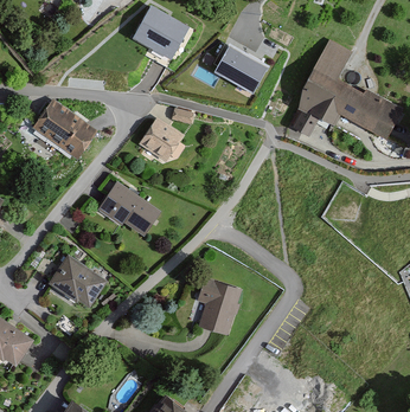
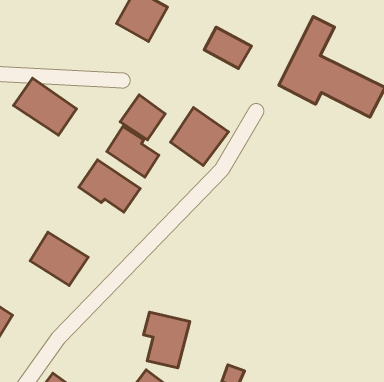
building: none -> [170,107,228,166]
building: none -> [107,126,159,177]
building: [197,281,243,336] -> [144,312,190,368]

